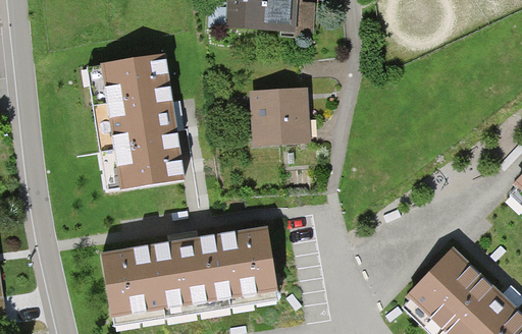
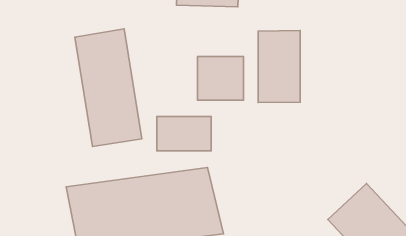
building: none -> [258,31,300,103]
building: none -> [157,116,211,151]

